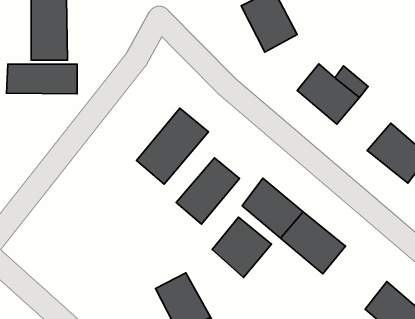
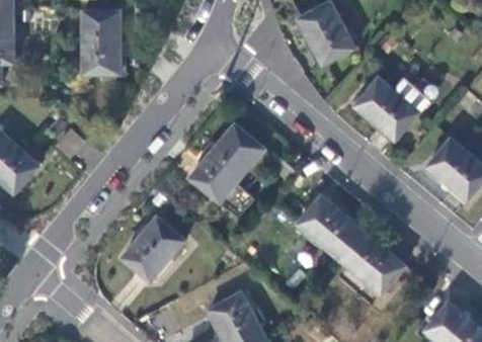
building: [7,64,77,94] -> none
building: [176,158,240,224] -> none
building: none -> [120,217,183,280]
building: [212,217,271,278] -> none

